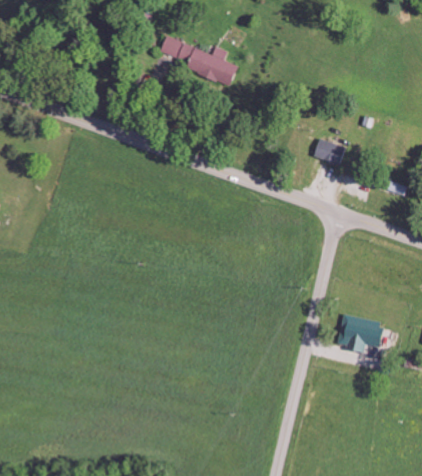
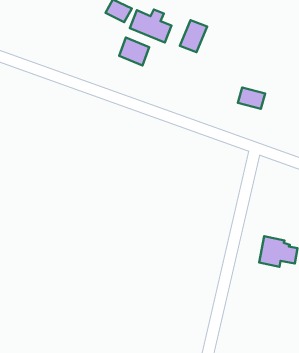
building: none -> [180,20,207,52]
building: none -> [119,38,149,66]

